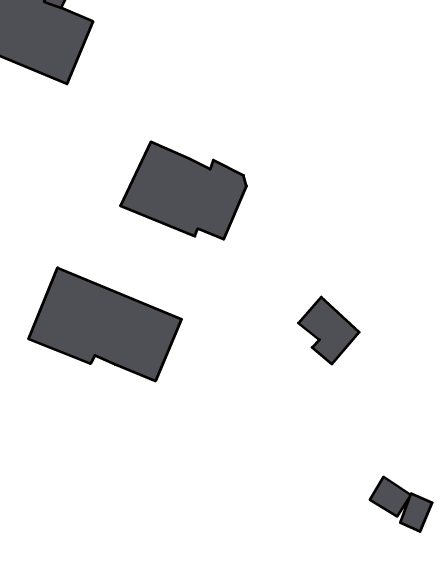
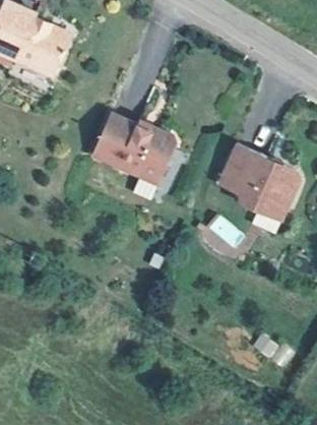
building: none -> [217,142,298,214]
building: [29,268,182,381] -> none

